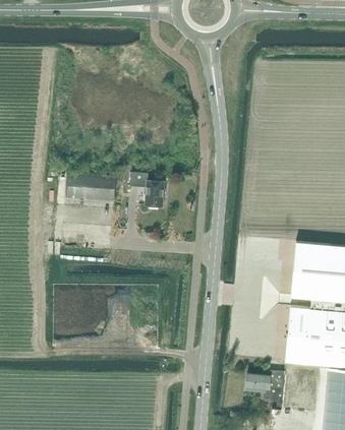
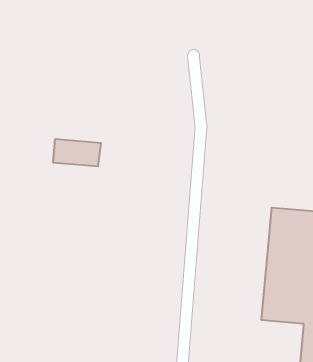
building: [130,173,165,206] -> none
building: [245,370,284,401] -> none

